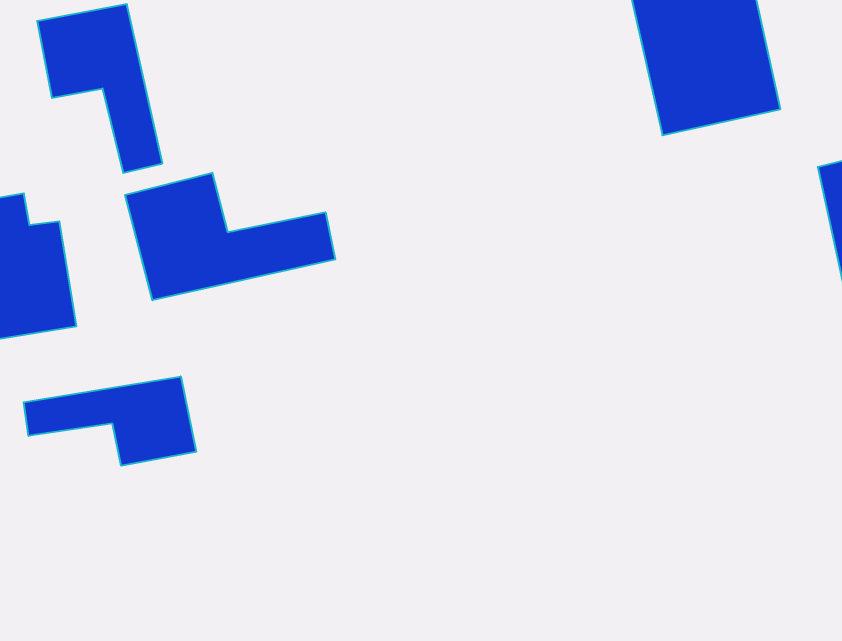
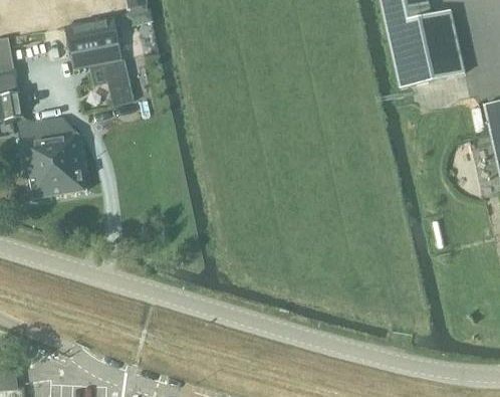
building: [125,173,335,300] -> none
building: [24,376,196,466] -> none

